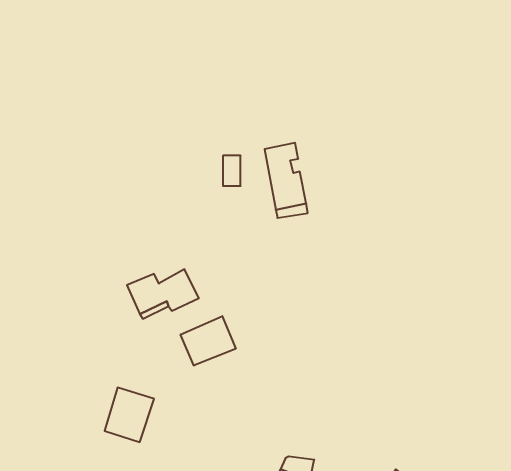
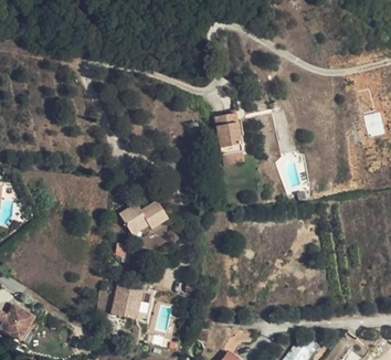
building: [181,316,236,366] -> none

